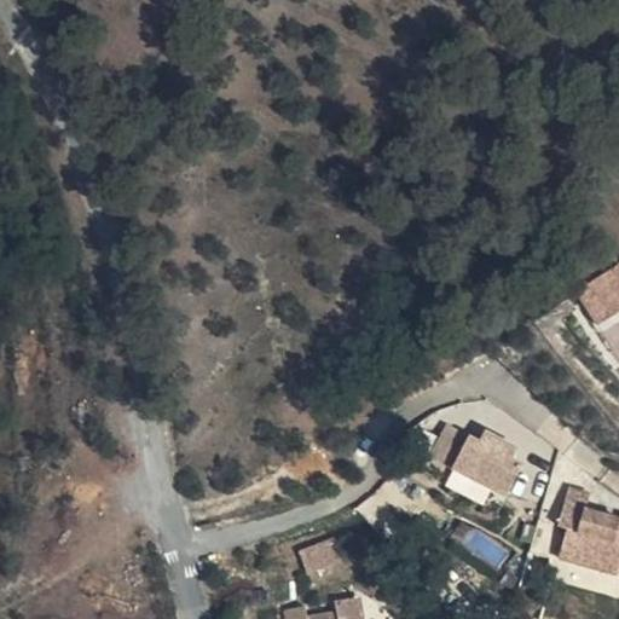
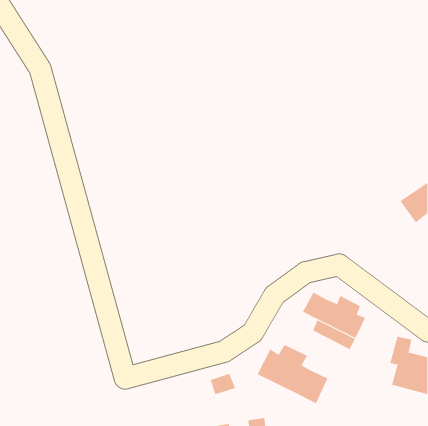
building: none -> [257,344,328,404]

